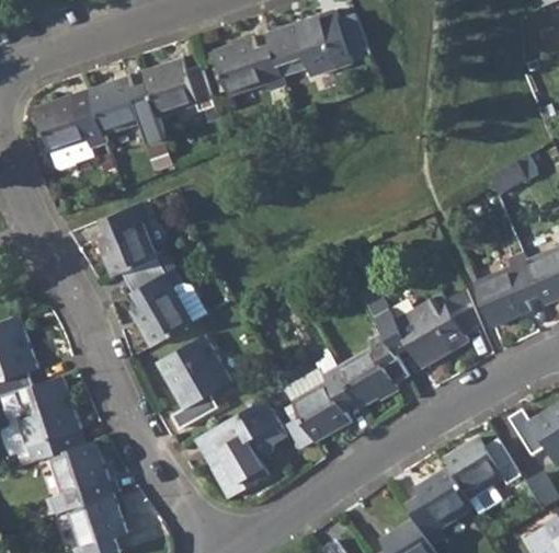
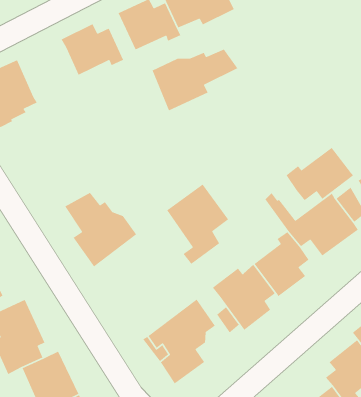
building: [88,77,163,143] -> none
building: none -> [152,48,238,111]
building: [93,201,155,276] -> none
building: none -> [286,147,354,201]
building: [156,335,229,429] -> [166,184,229,265]

